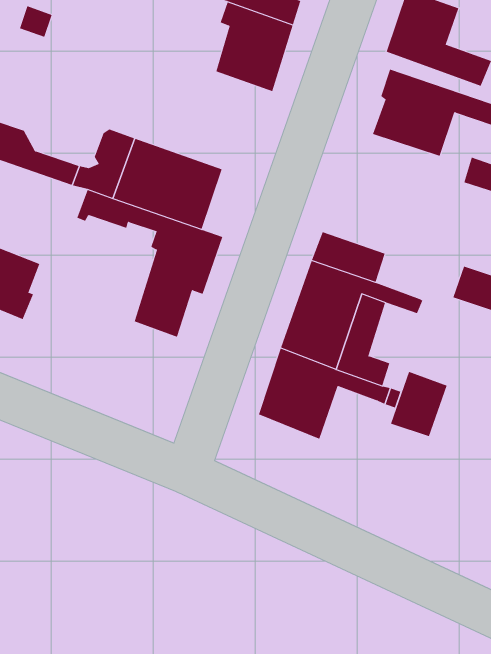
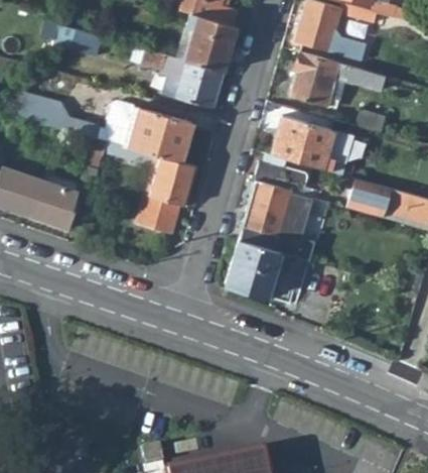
building: none -> [140,49,224,109]
building: none -> [272,116,340,171]
building: [390,371,448,437] -> [267,262,303,305]

